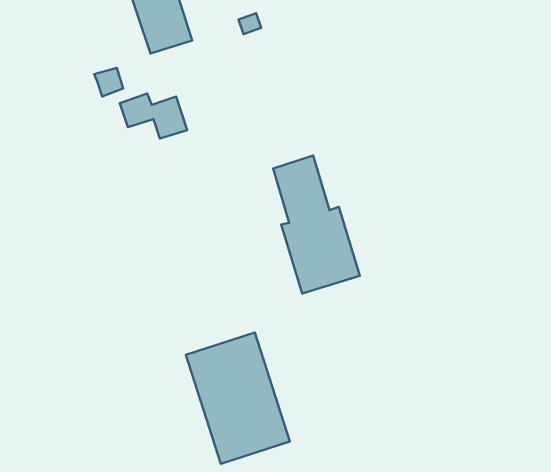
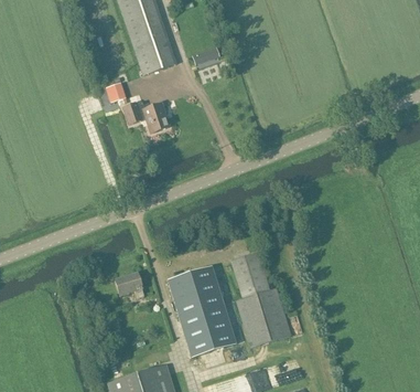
building: [273,156,360,294] -> [230,252,290,347]
building: none -> [115,272,143,297]

